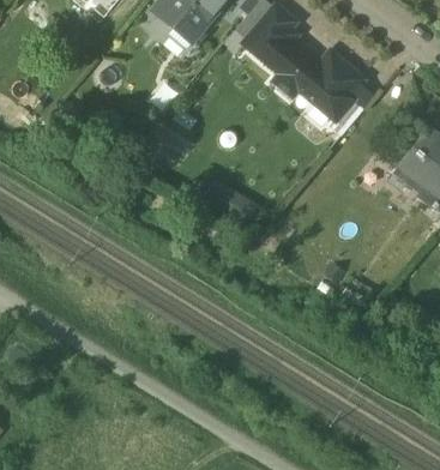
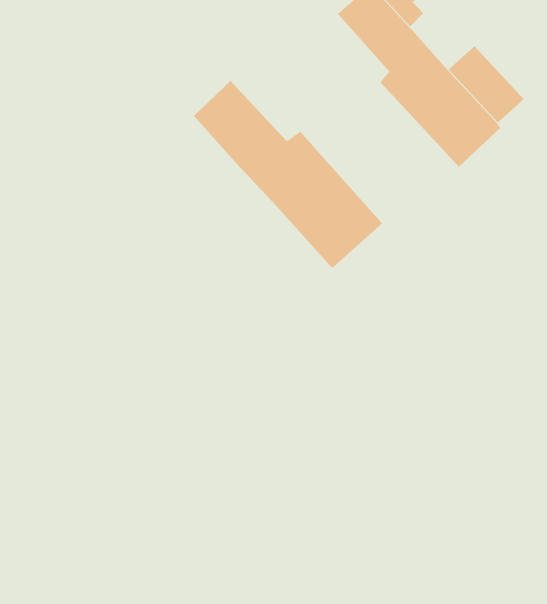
building: none -> [193,80,383,269]

